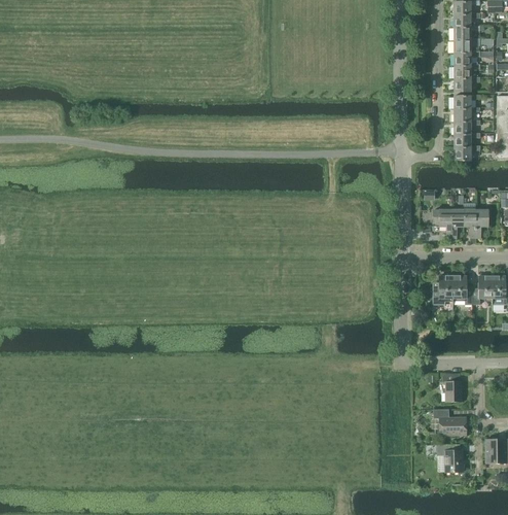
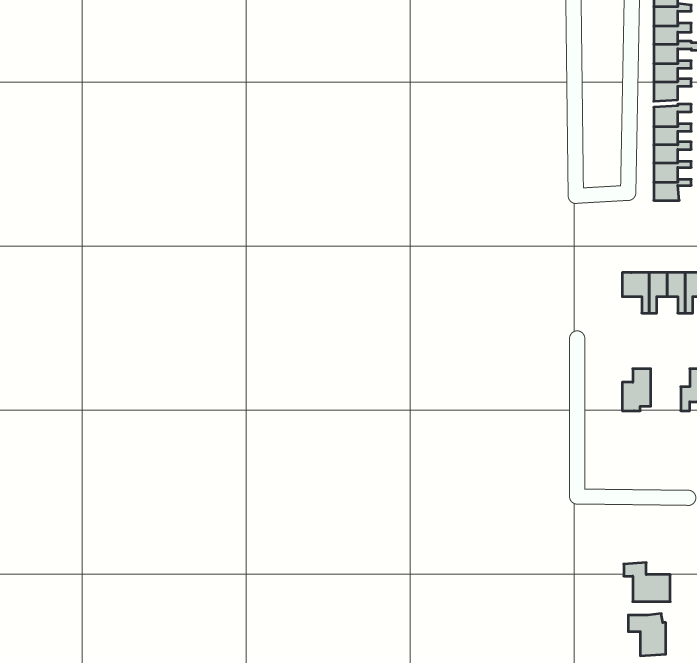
building: [452,275,473,304] -> none
building: [443,373,462,401] -> none

